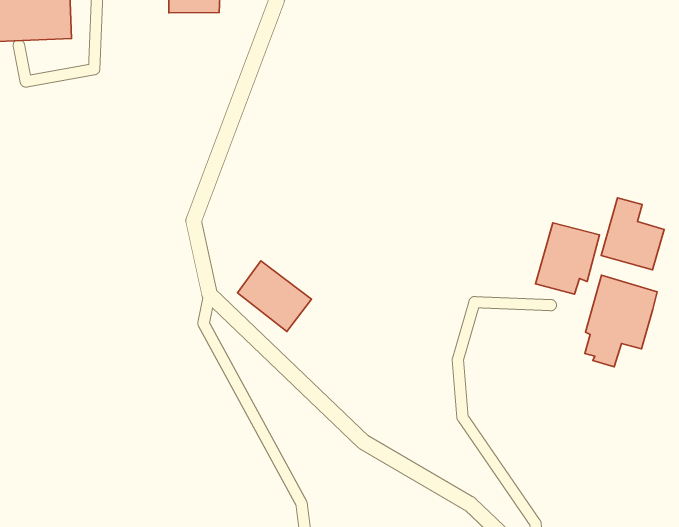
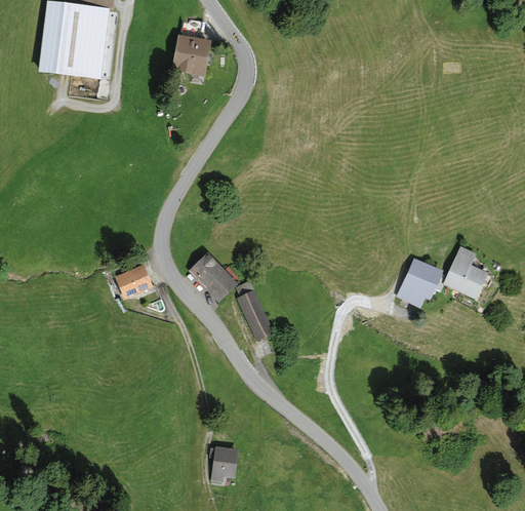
building: [585,275,657,367] -> none
building: none -> [115,264,154,299]
building: none -> [236,281,275,341]

